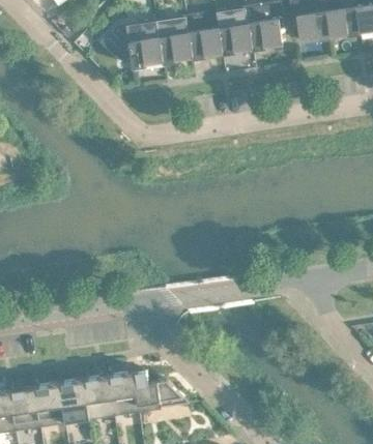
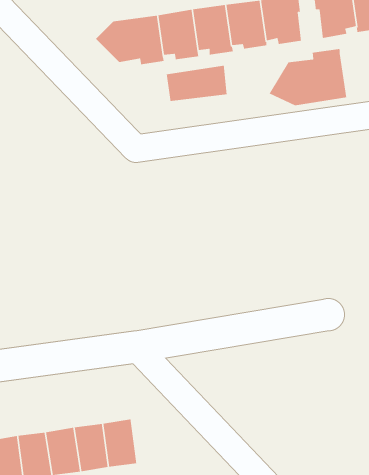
building: none -> [268,48,347,106]
building: none -> [166,65,228,102]
building: [134,371,189,412] -> none

